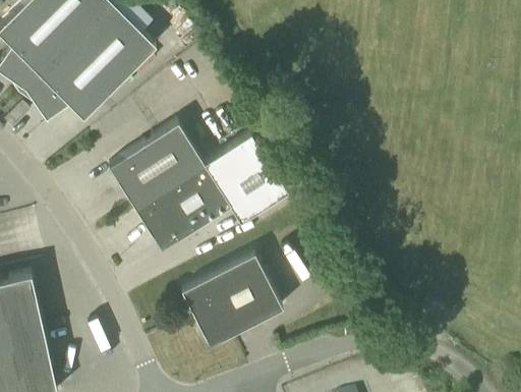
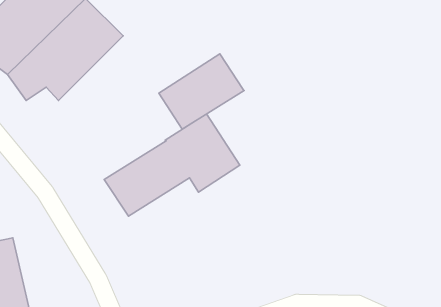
building: [108,124,205,210] -> [159,54,244,129]
building: [181,256,283,347] -> none

